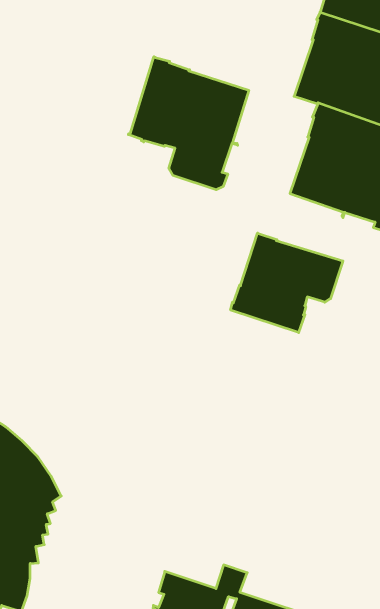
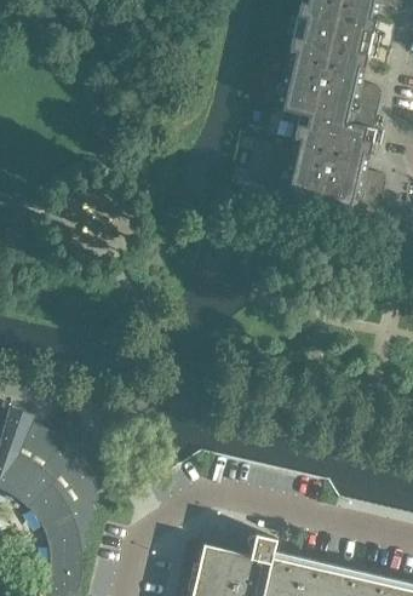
building: [128,57,249,190] -> none
building: [231,233,343,333] -> none

